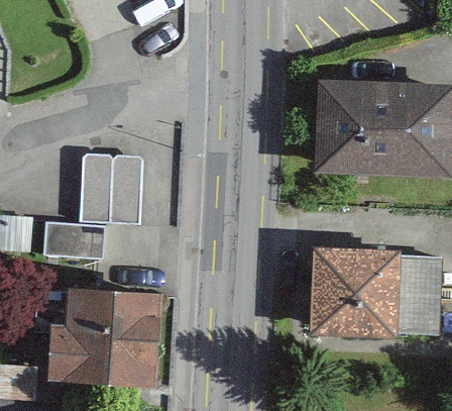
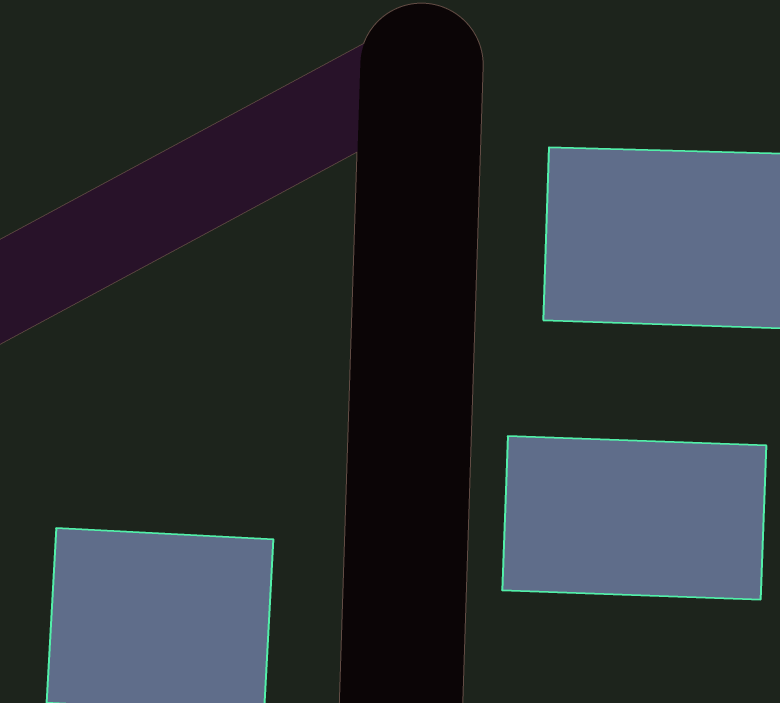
building: [44,152,141,259] -> none

